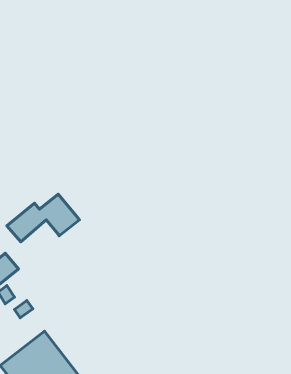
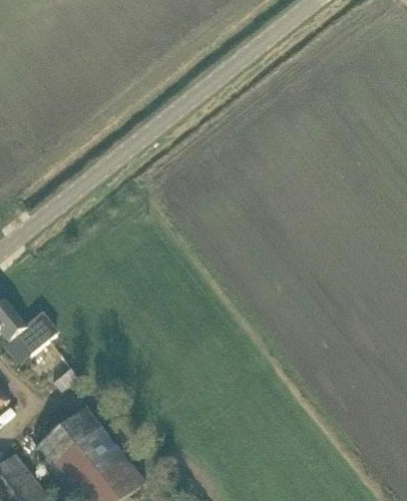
building: [7,194,79,242] -> none

